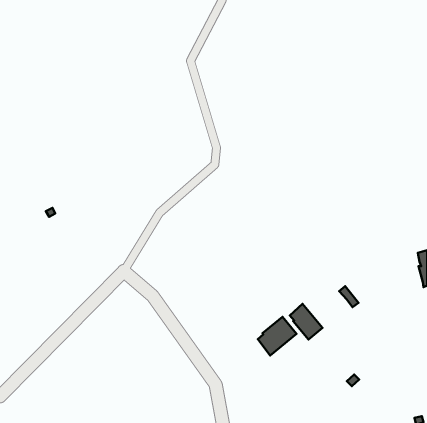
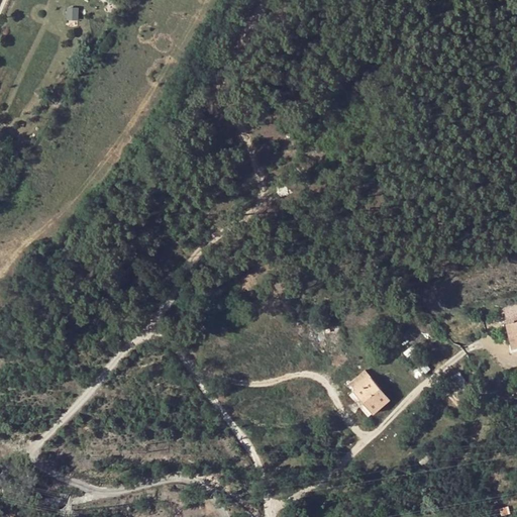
building: [258,317,297,356] -> none

